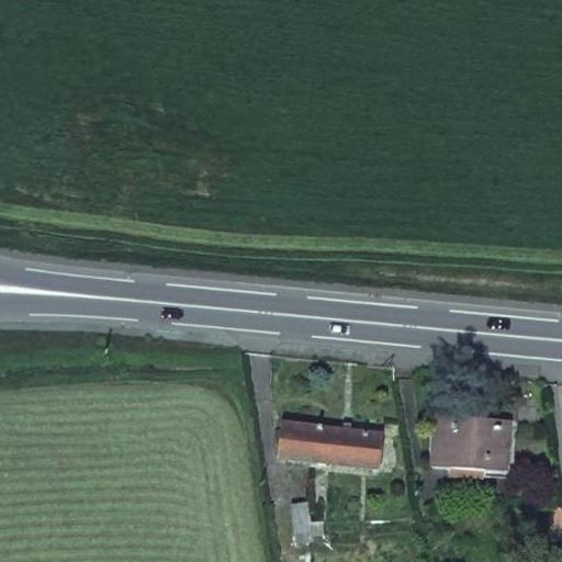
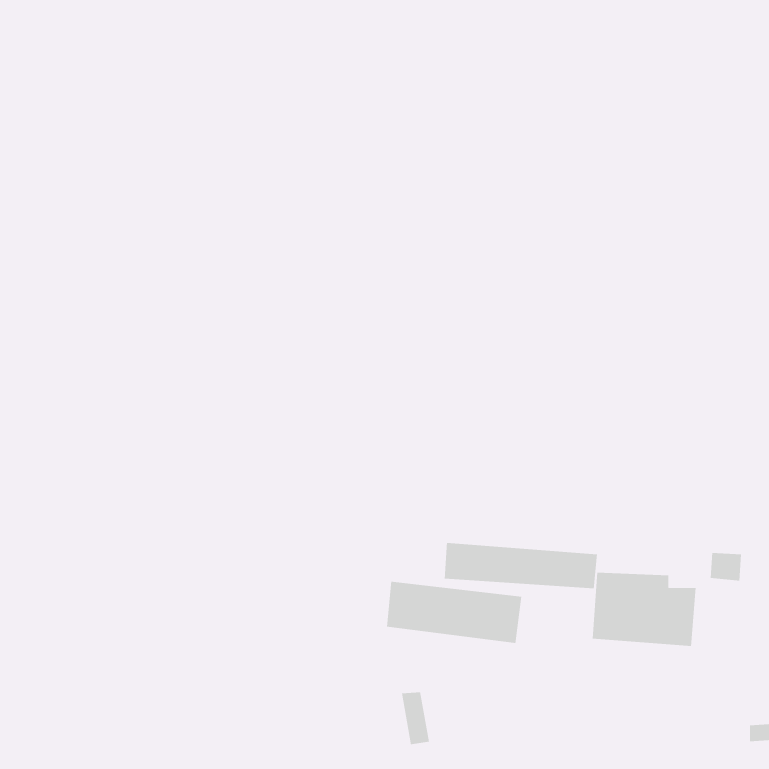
building: none -> [444,542,598,589]

